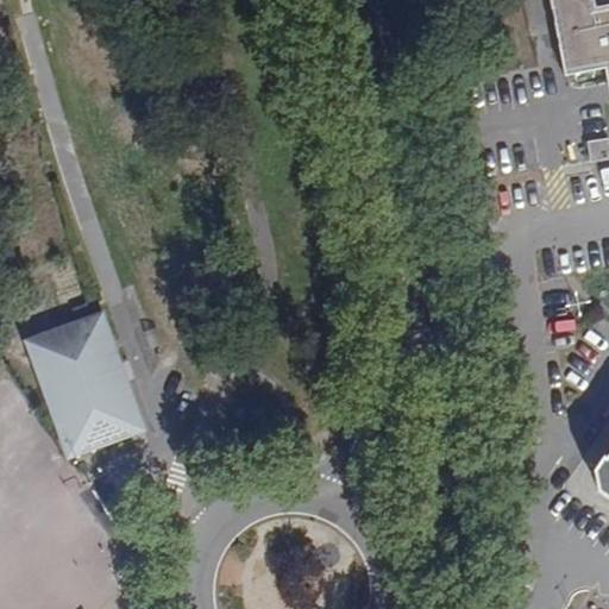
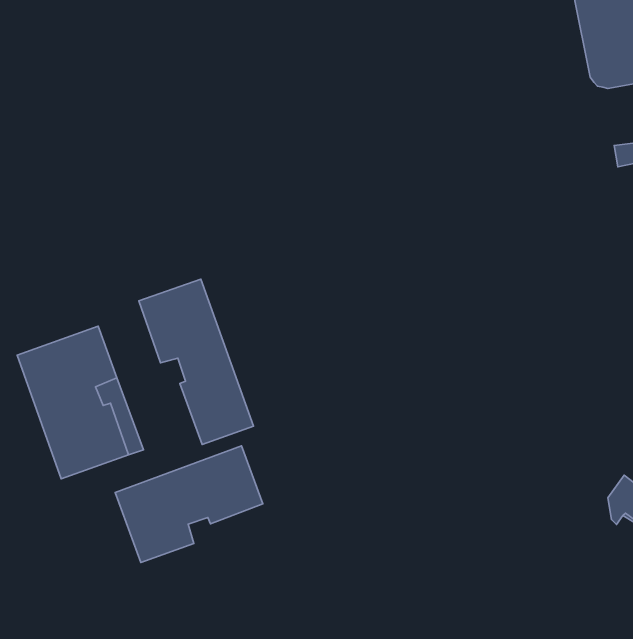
building: none -> [139,279,254,444]
building: none -> [115,446,263,563]

